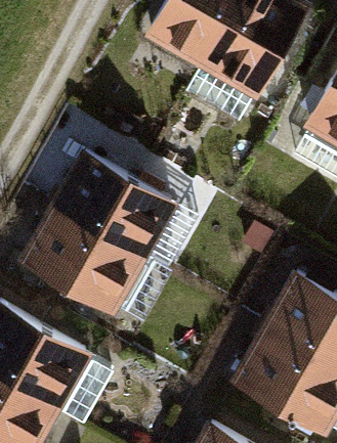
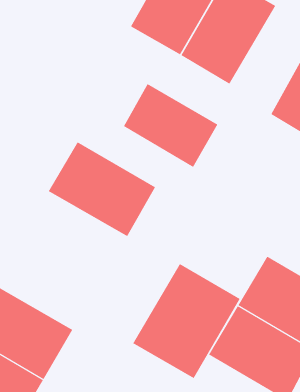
building: none -> [123,83,218,168]
building: [29,208,145,311] -> none
building: none -> [132,263,241,379]

